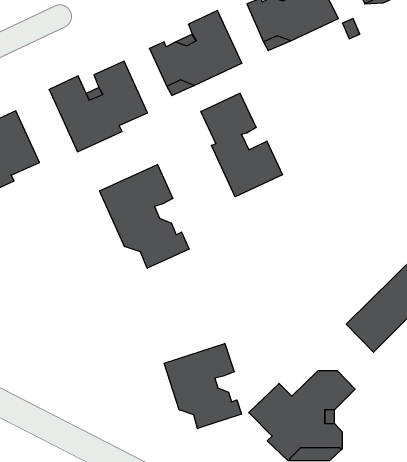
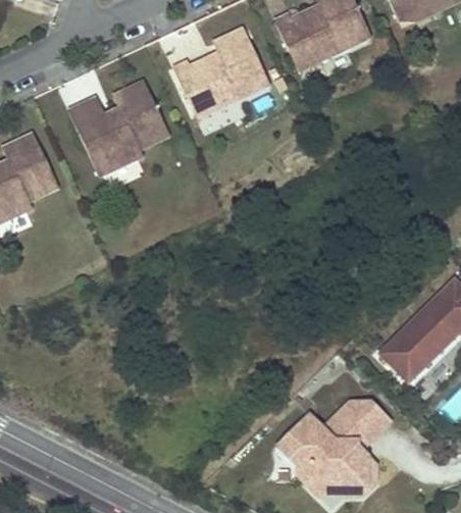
building: [201,93,282,197] -> none
building: [99,164,189,268] -> none
building: [164,343,241,429] -> none

